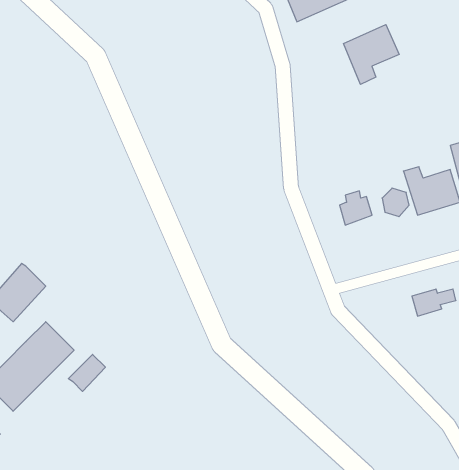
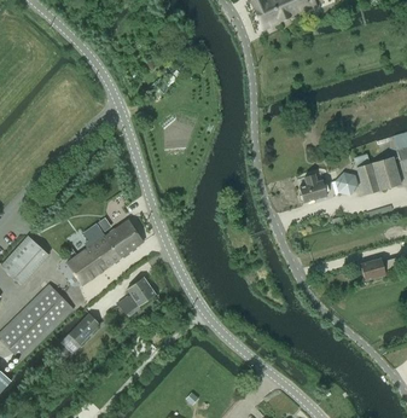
building: [343,25,399,84] -> none
building: none -> [65,217,144,284]
building: none -> [117,275,156,315]

